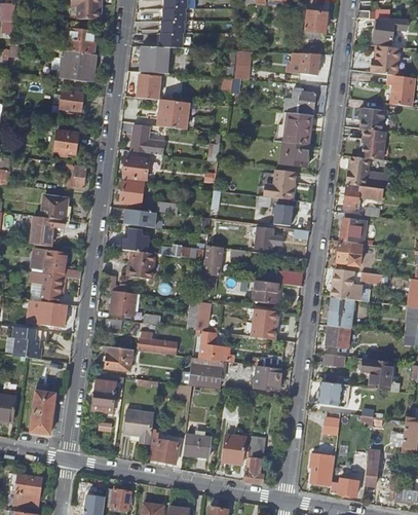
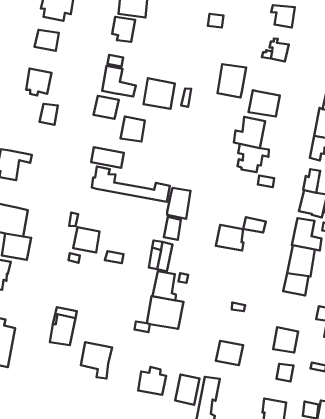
building: [158,99,189,128] -> [143,78,175,109]
building: [288,112,315,145] -> [218,64,246,98]
building: [120,179,144,204] -> [120,116,145,142]
building: [40,195,69,220] -> none
building: [254,225,281,253] -> none
building: [44,250,81,278] -> none
building: [125,250,154,279] -> none
building: [246,306,278,338] -> none
building: [139,330,174,352] -> none
building: [105,345,131,369] -> none
building: [322,353,345,374] -> none
building: [255,365,281,389] -> [216,341,243,365]
building: [149,427,179,462] -> none

